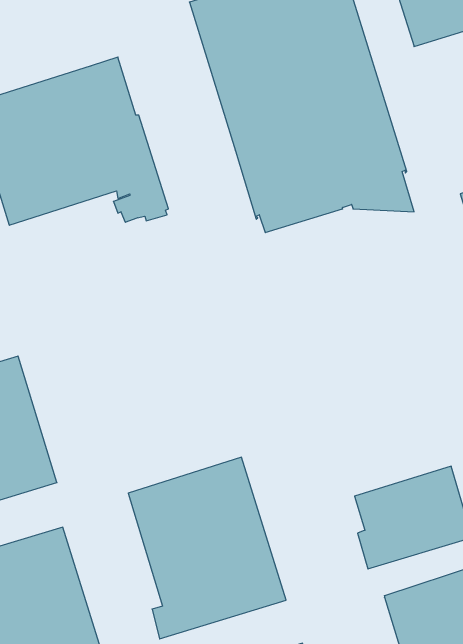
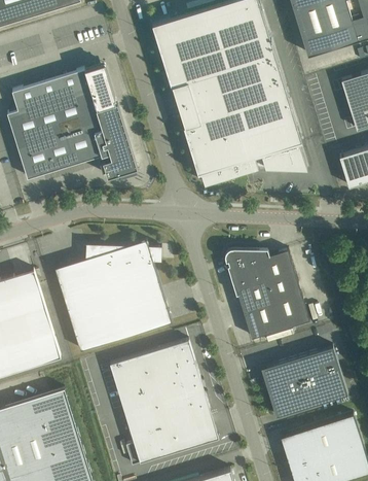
building: none -> [53,245,171,351]
building: none -> [225,249,308,339]

